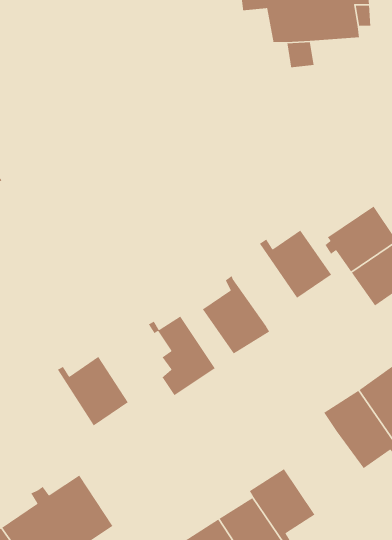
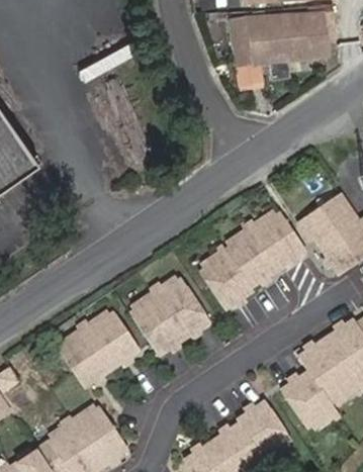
building: none -> [232,33,258,80]
building: none -> [224,221,275,287]
building: none -> [130,286,177,356]
building: none -> [61,322,112,387]
building: none -> [280,372,338,428]

